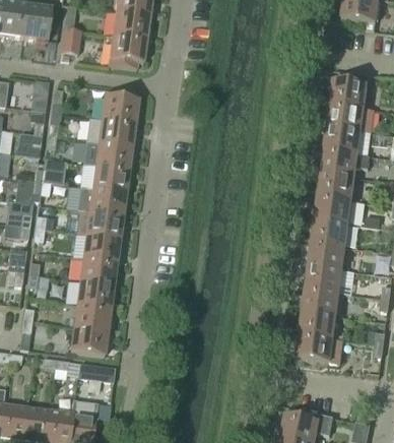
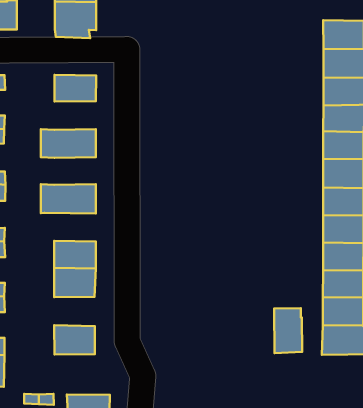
building: [86,116,135,145] -> none
building: [91,165,129,191] -> none
building: [77,209,123,239] -> none
building: [76,280,113,309] -> none
building: none -> [274,308,302,353]
building: [70,328,107,356] -> none

